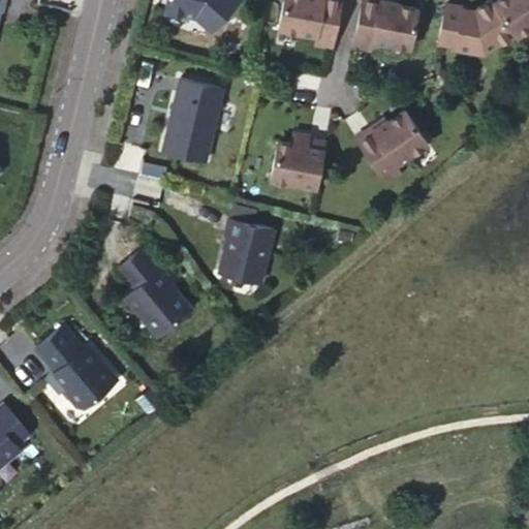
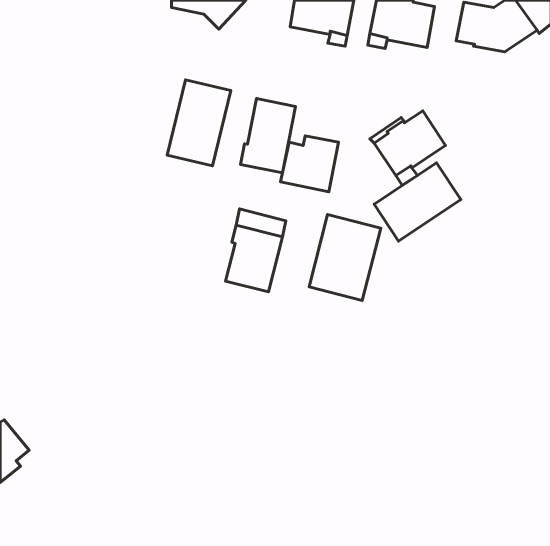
building: none -> [240,99,295,173]
building: none -> [374,163,461,241]
building: none -> [309,214,381,300]
building: [118,250,191,339] -> none
building: [37,329,118,411] -> none

